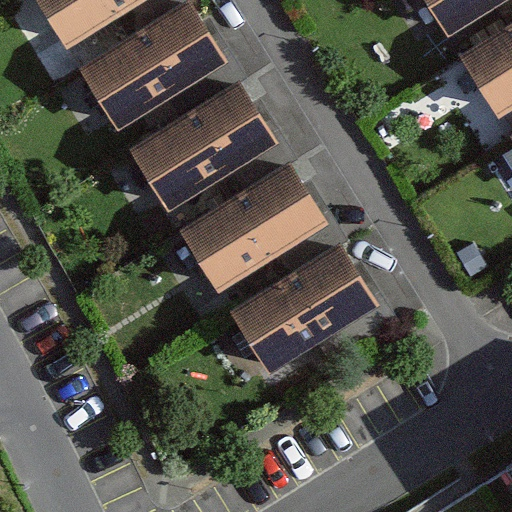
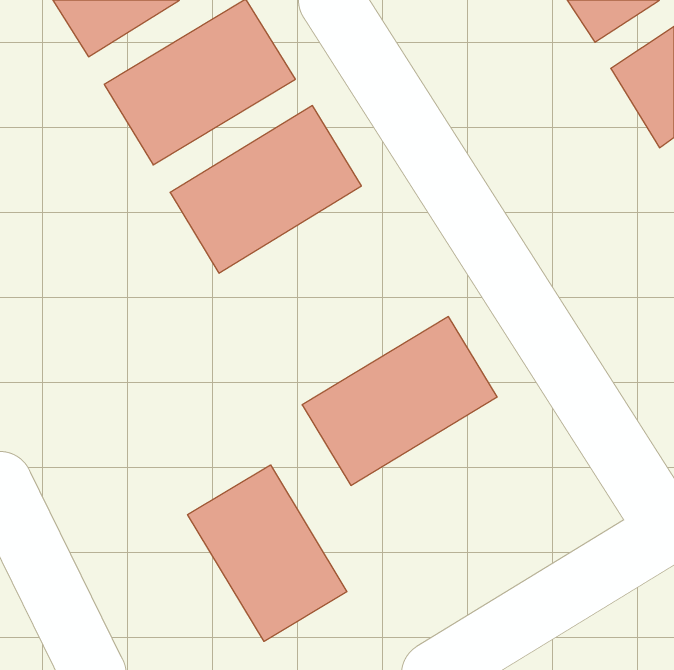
building: [177,161,327,290] -> none
building: none -> [188,465,347,641]

